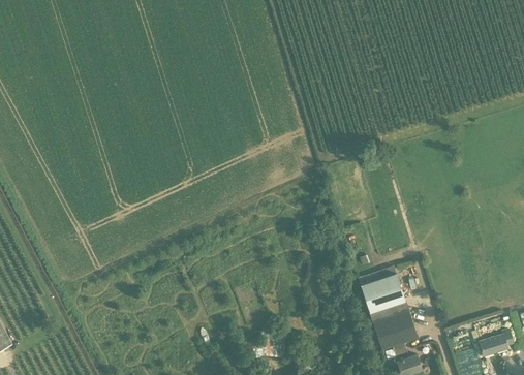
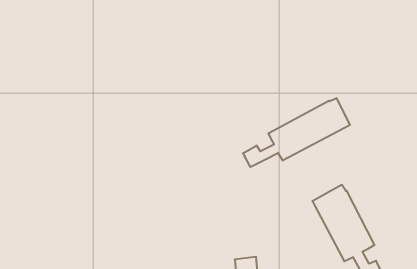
building: none -> [243,98,350,167]

